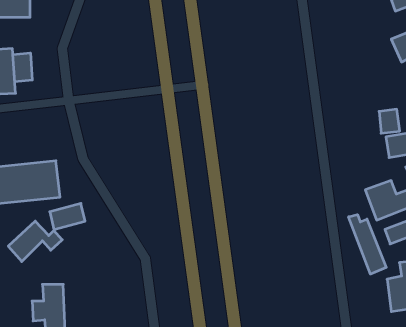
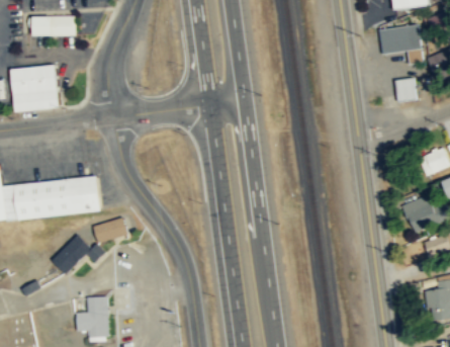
building: none -> [377,24,421,63]
building: [13,53,32,82] -> none
building: [379,109,400,133] -> [394,77,415,100]
building: [349,215,386,274] -> none

